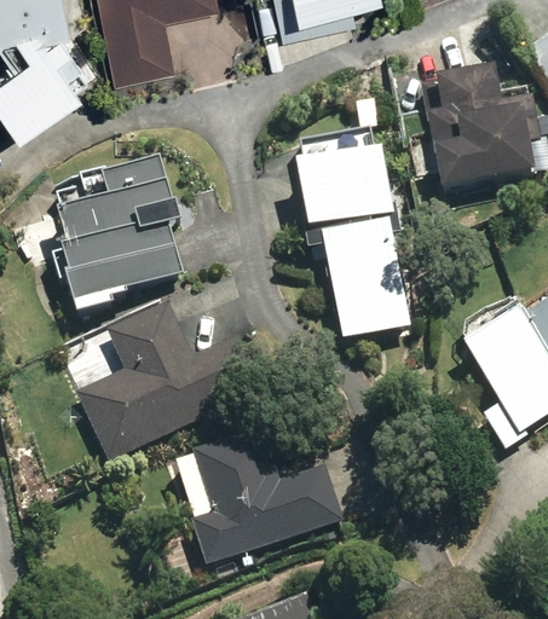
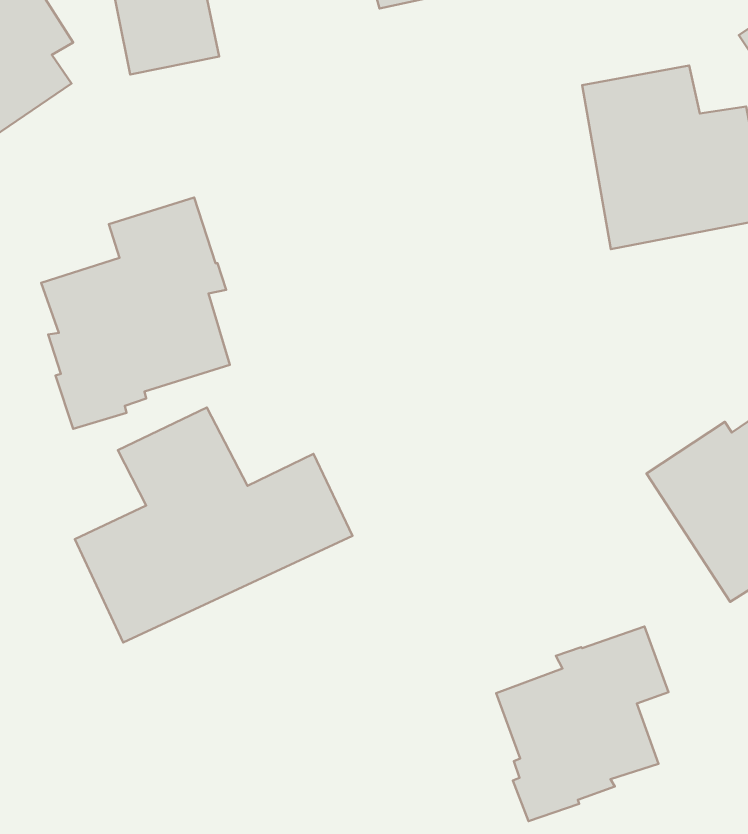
building: [292,127,409,340] -> none
building: [191,432,344,562] -> none
building: none -> [496,626,669,821]

